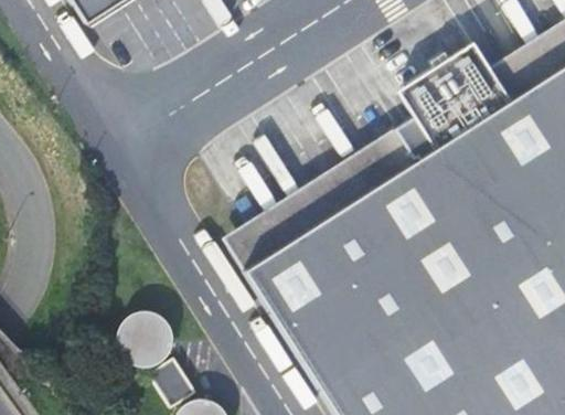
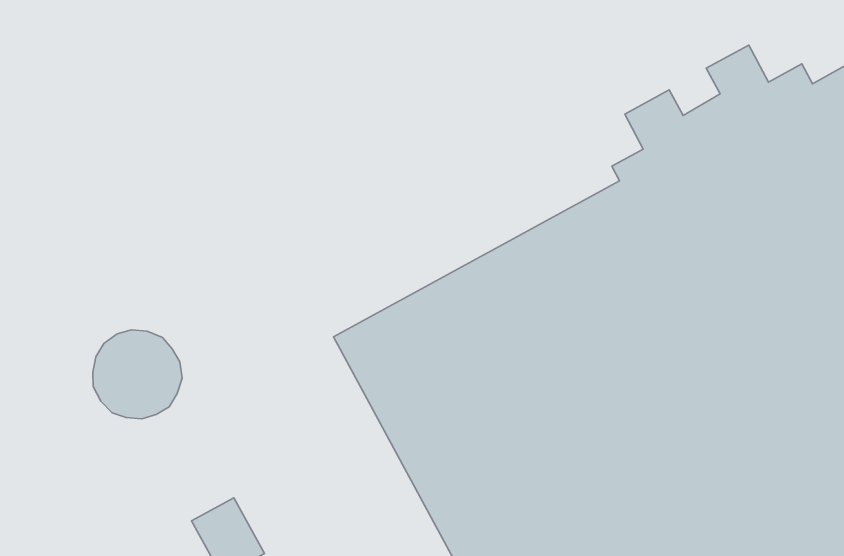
building: [399,43,478,97] -> none
building: [121,311,178,366] -> [93,330,182,419]

